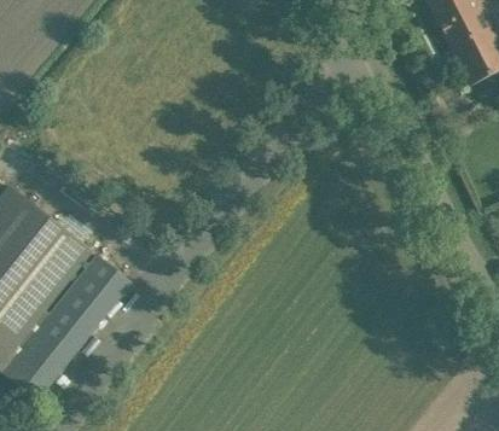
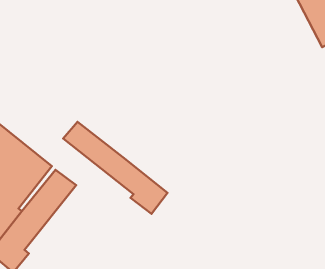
building: none -> [63,122,168,214]

